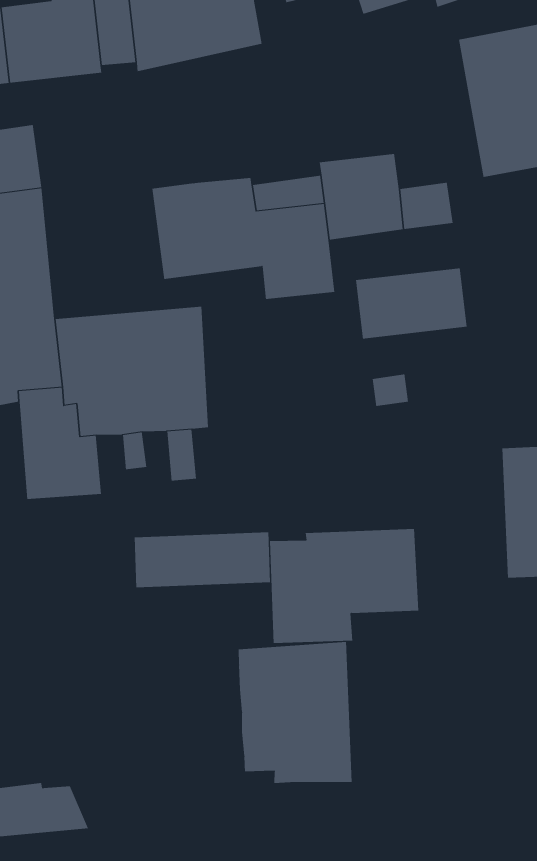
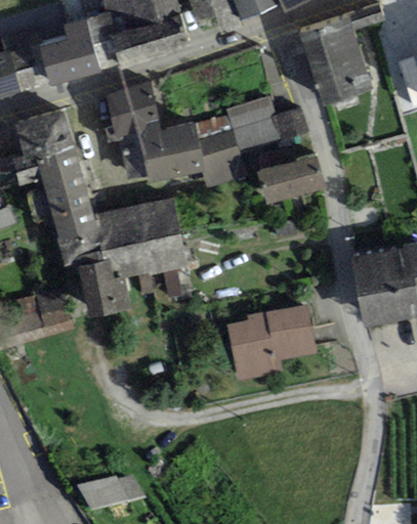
building: none -> [106,78,160,136]
building: [134,531,271,588] -> none
building: [238,641,352,784] -> none

